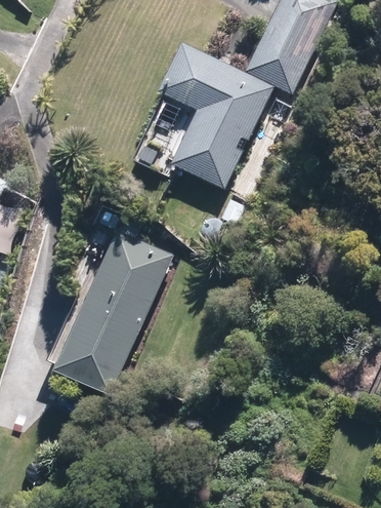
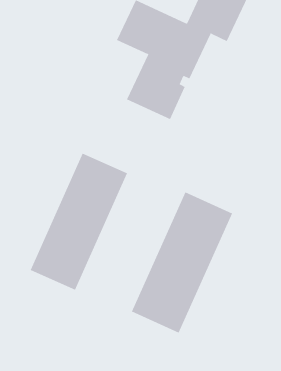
building: none -> [131,192,233,334]

